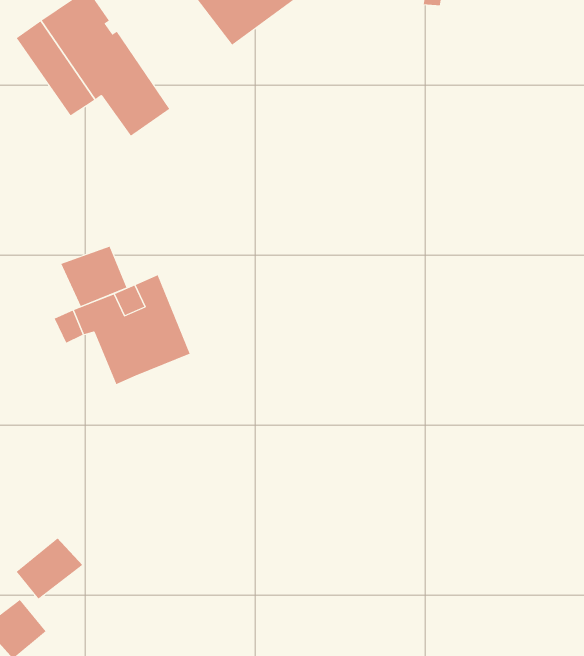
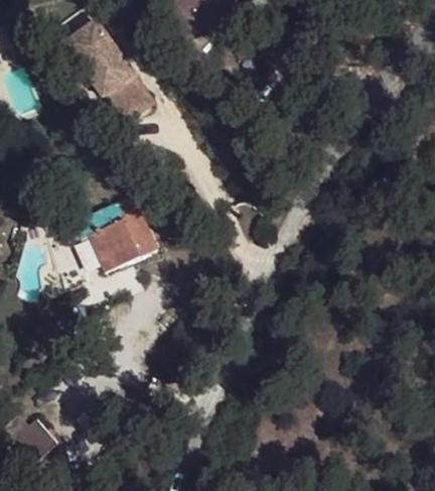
building: [60,246,127,307] -> none
building: [16,537,83,599] -> none

